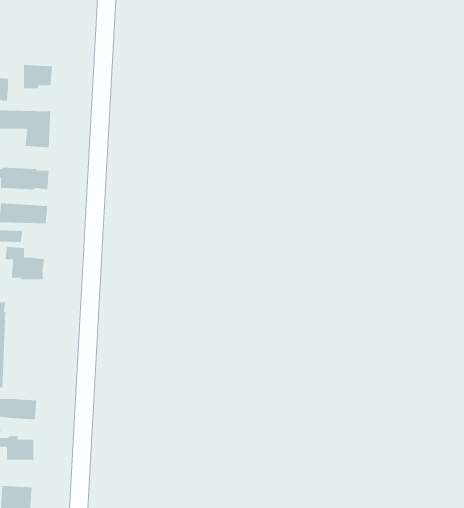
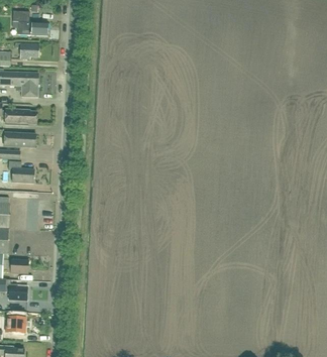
building: none -> [12,11,47,35]

